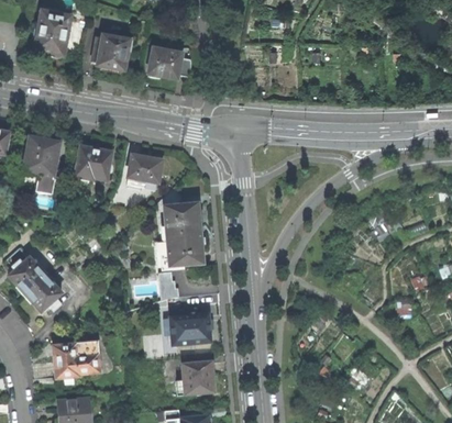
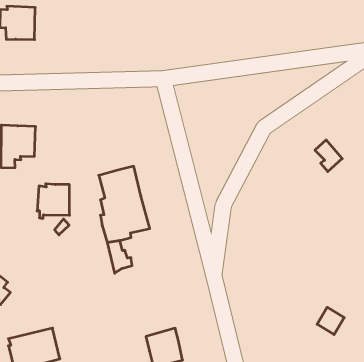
building: [147,47,190,78] -> none
building: [126,155,161,188] -> [37,184,70,218]
building: [169,313,209,344] -> none

